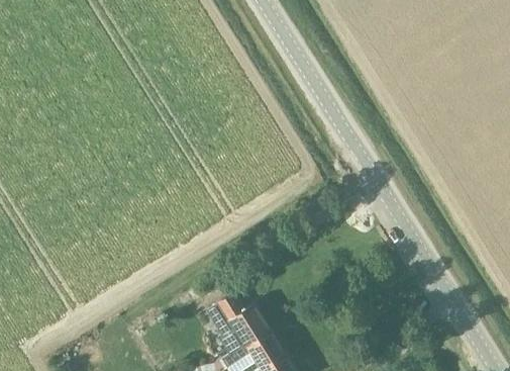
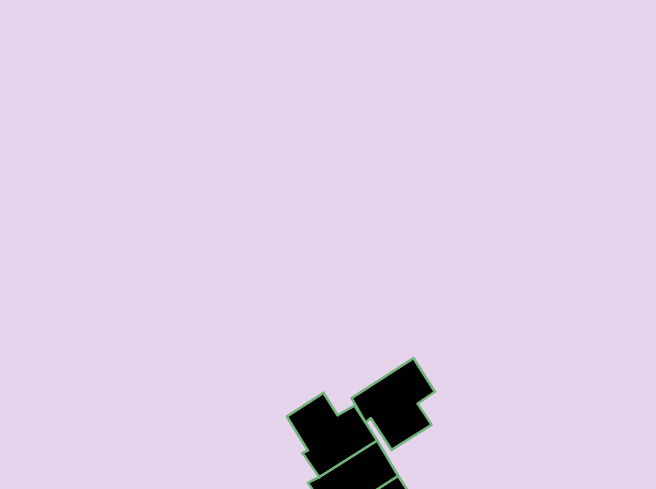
building: none -> [352,358,435,450]

